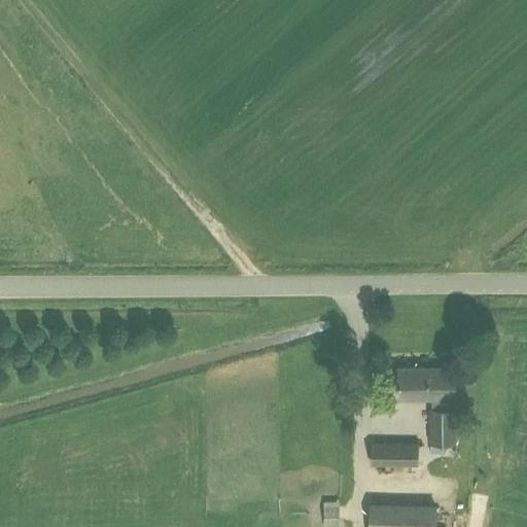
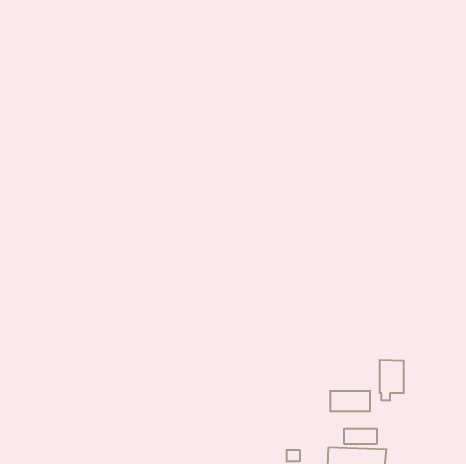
building: [398,368,455,398] -> none
building: none -> [344,429,377,444]

